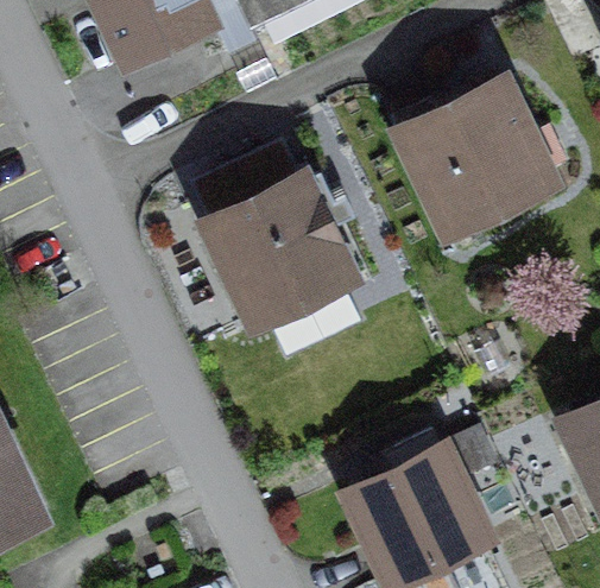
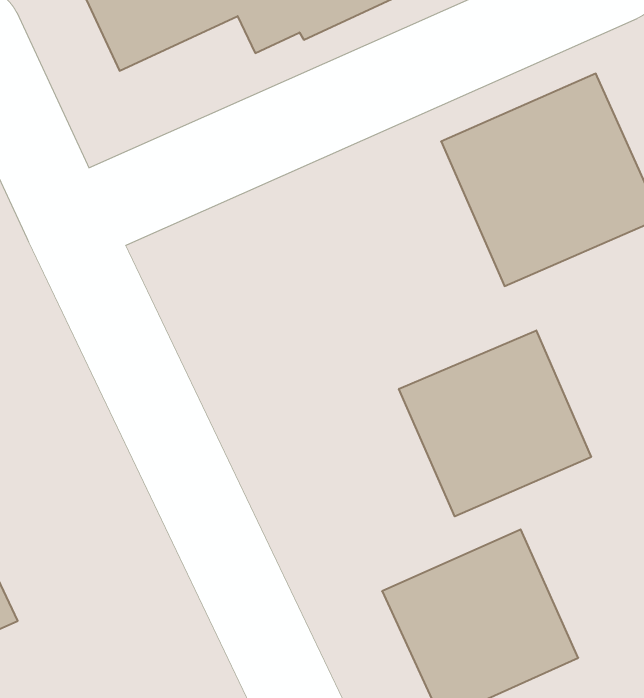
building: [198,169,366,339] -> none
building: none -> [399,330,591,516]

